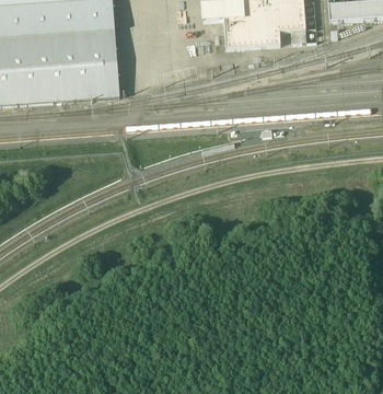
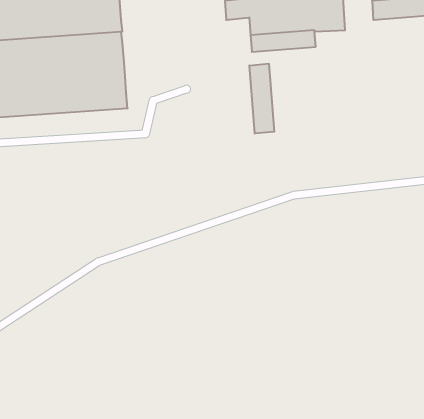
building: none -> [249,64,274,134]

